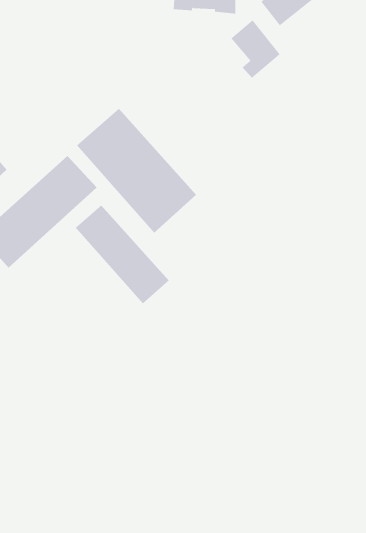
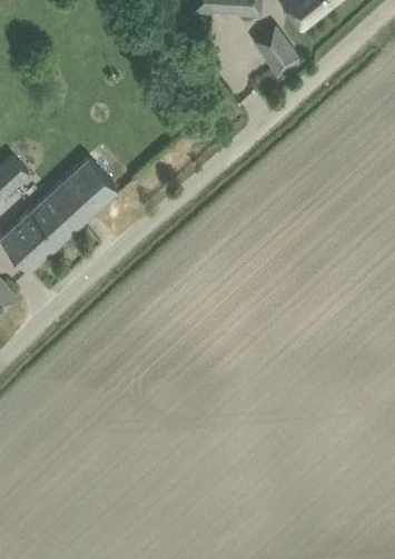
building: [76,108,197,233] -> none
building: [75,205,169,304] -> none

